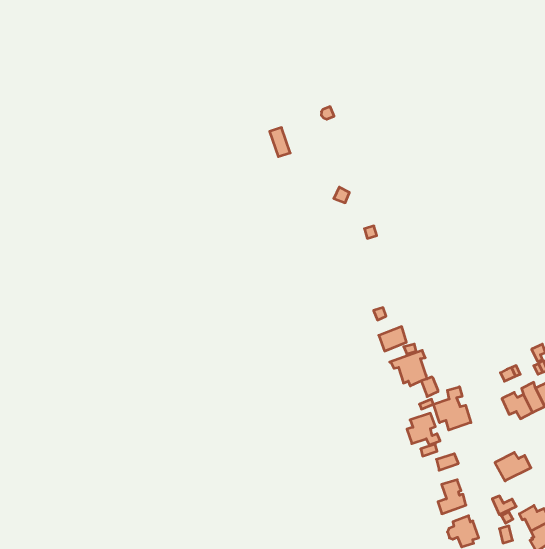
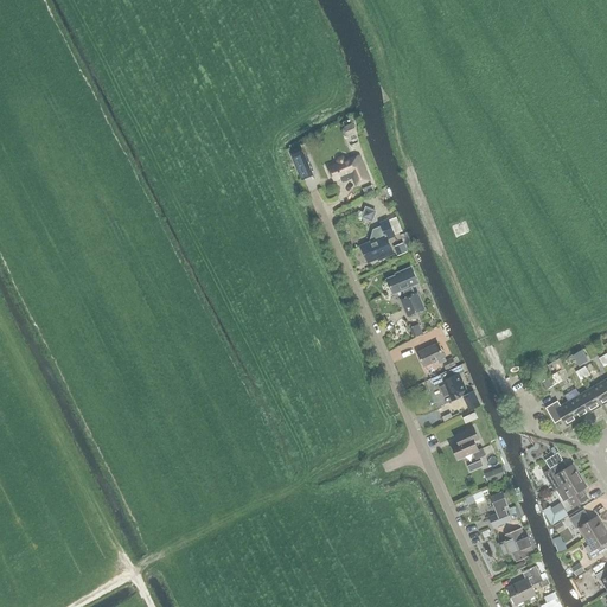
building: none -> [330,154,369,185]
building: none -> [360,222,396,261]
building: none -> [386,268,424,314]
building: [433,387,471,430] -> none
building: none -> [556,474,587,505]

